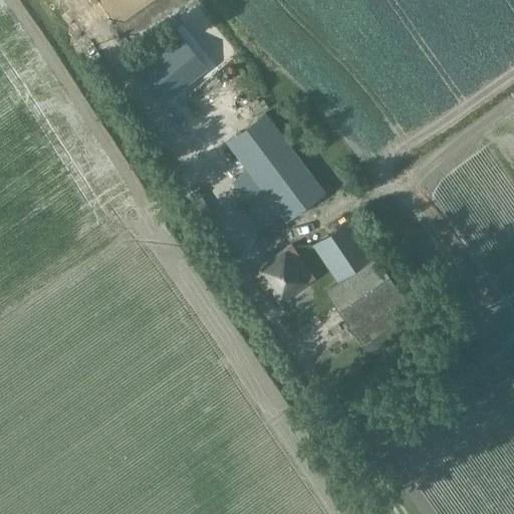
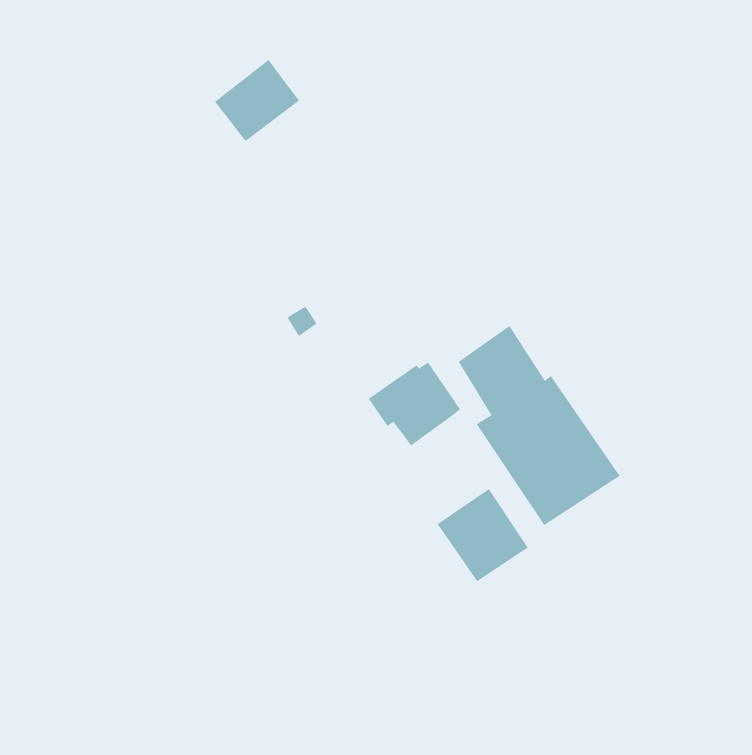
building: [227,112,325,224] -> none
building: none -> [437,488,528,582]

